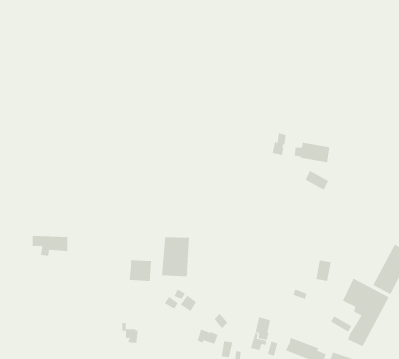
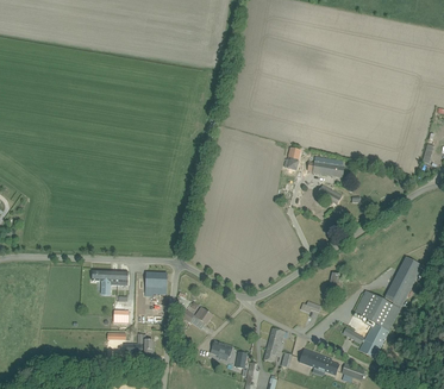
building: [32,236,68,256] -> [92,270,127,290]
building: [161,237,189,277] -> none

